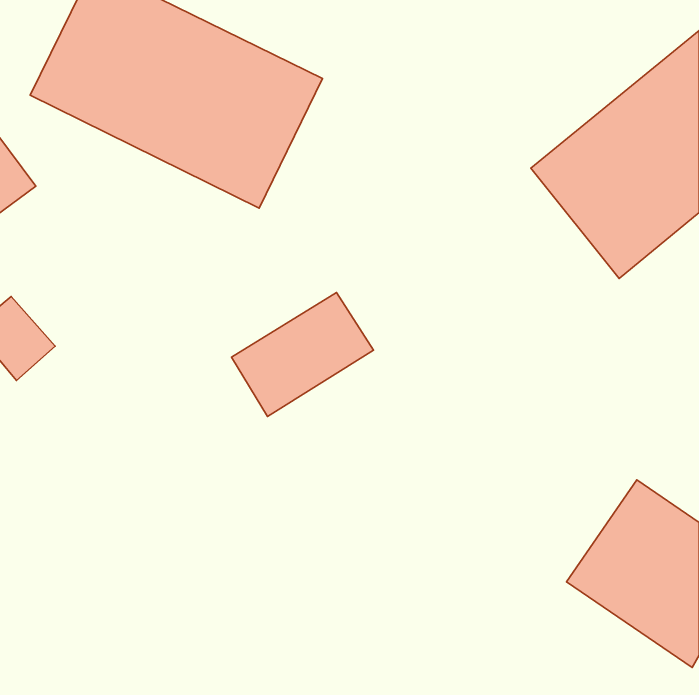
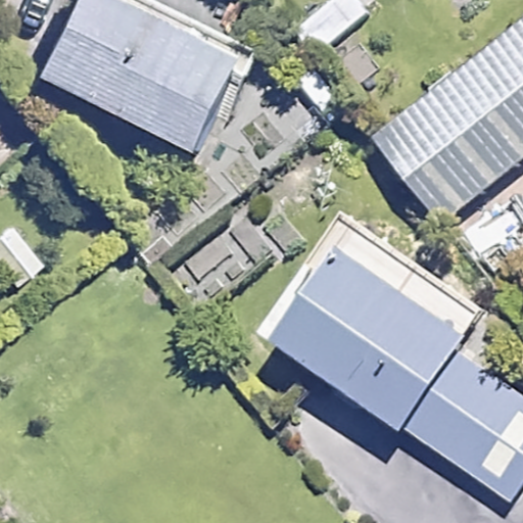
building: none -> [270,232,472,424]

